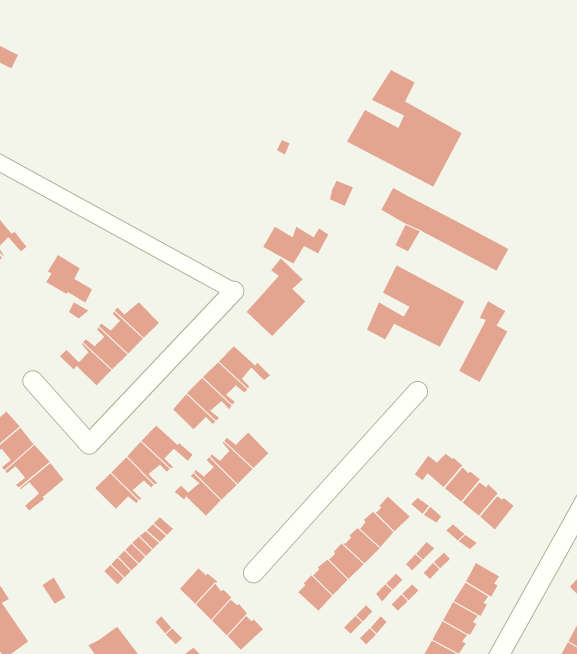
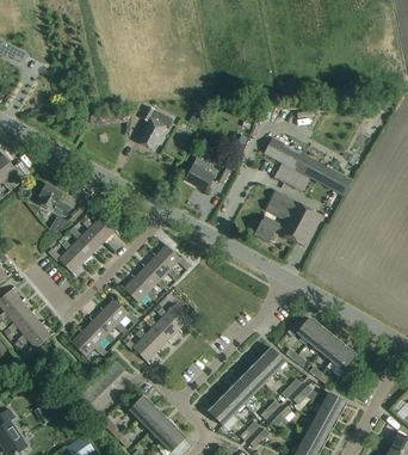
building: [346,69,462,188] -> none
building: none -> [138,105,173,149]
building: [246,257,306,337] -> none
building: [458,300,508,383] -> none

